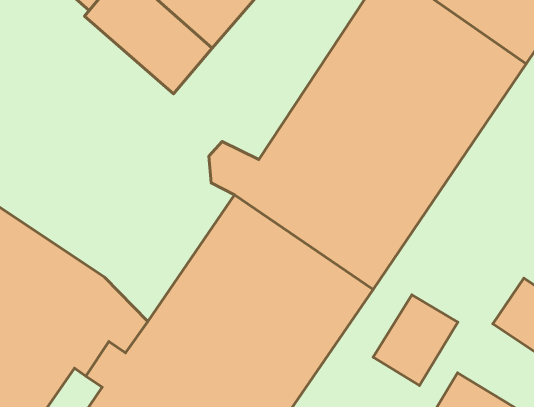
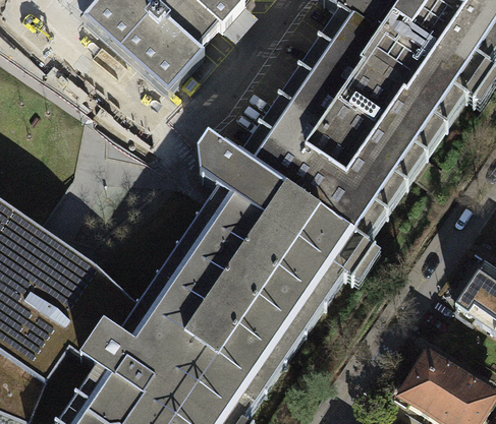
building: [373,295,458,386] -> none

